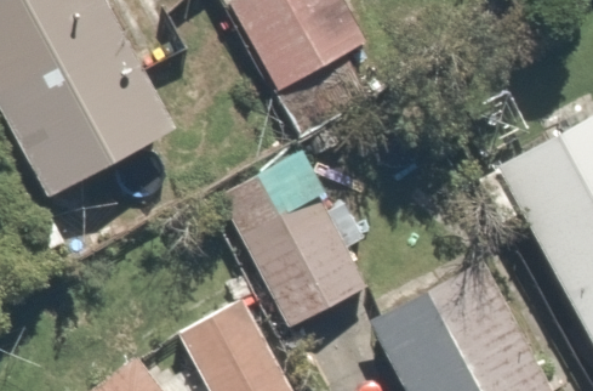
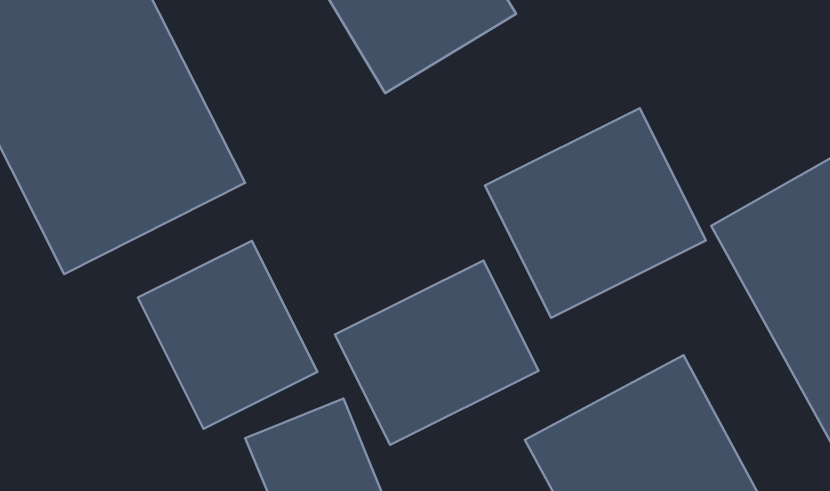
building: none -> [485,108,706,318]
building: none -> [138,241,317,429]

